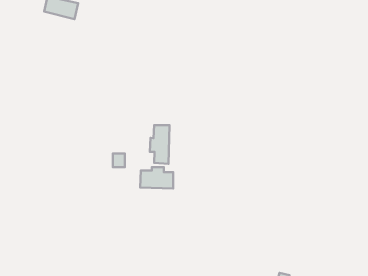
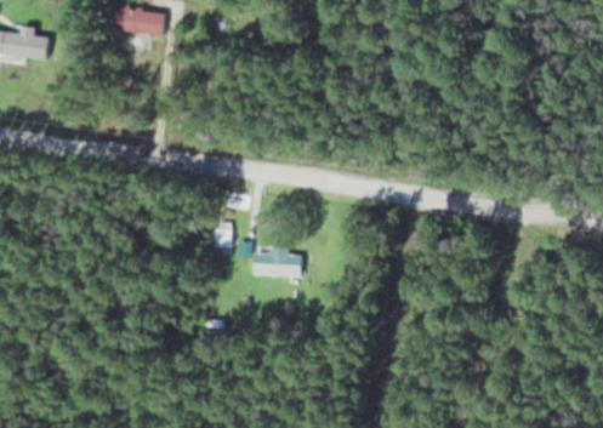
building: [150,125,170,164] -> none

